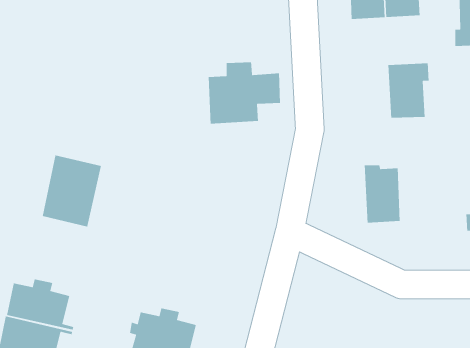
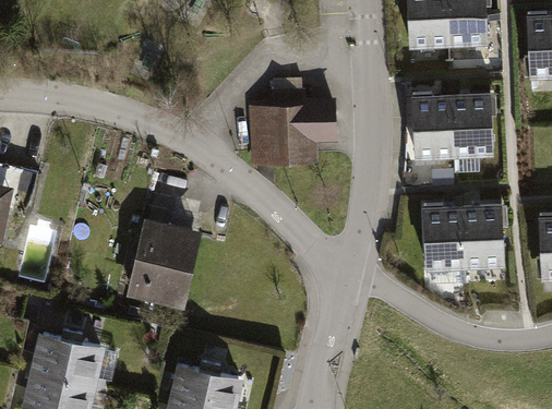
building: none -> [412,93,453,157]
building: [42,154,102,227] -> [134,224,200,303]
building: none -> [461,205,507,267]

